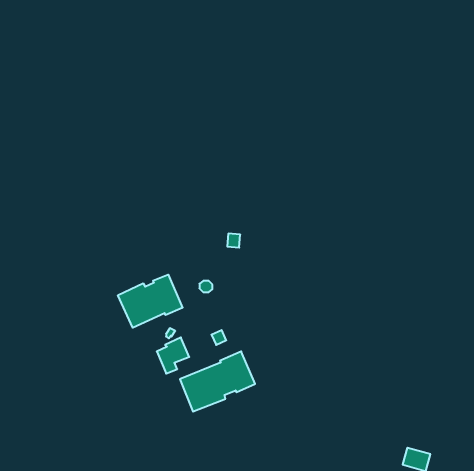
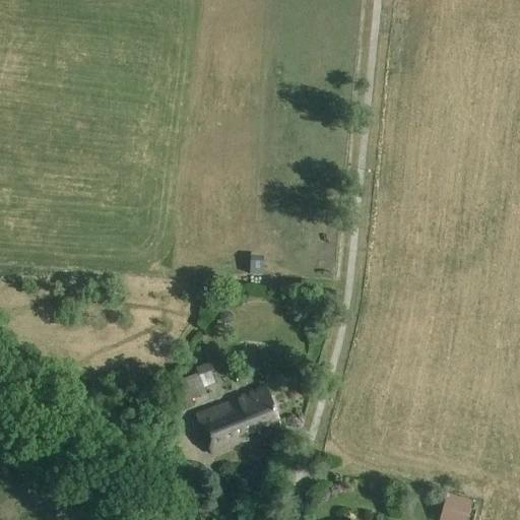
building: [118,275,183,328] -> none

